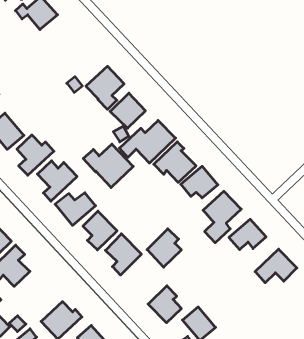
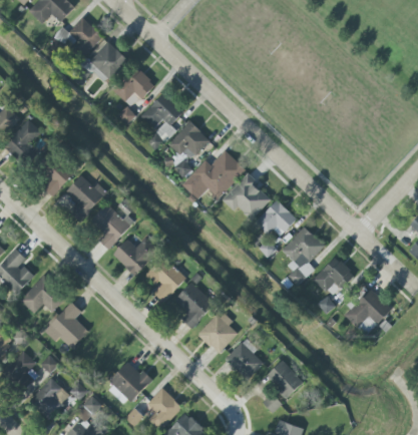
building: none -> [82,42,128,84]
building: none -> [114,67,154,108]
building: [83,144,133,188] -> none
building: [147,229,181,267] -> [198,310,238,354]

